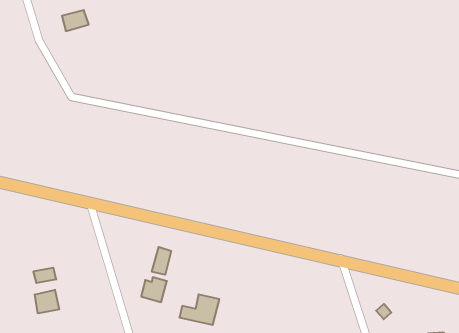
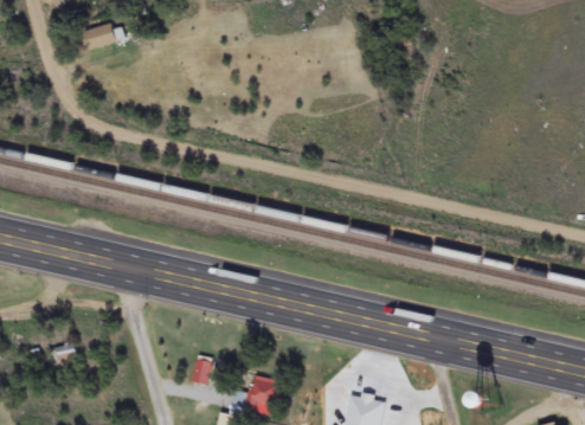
building: [152,247,171,275] -> none
building: [35,290,59,313] -> none

